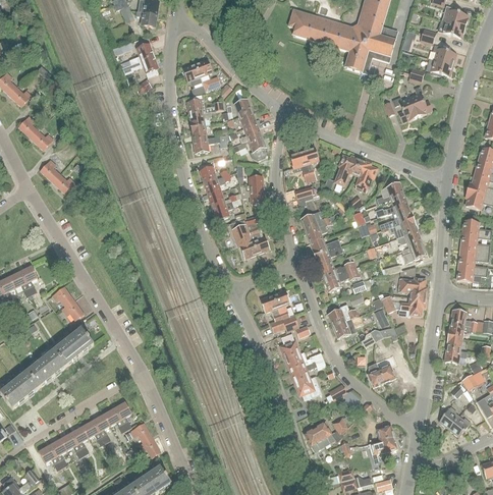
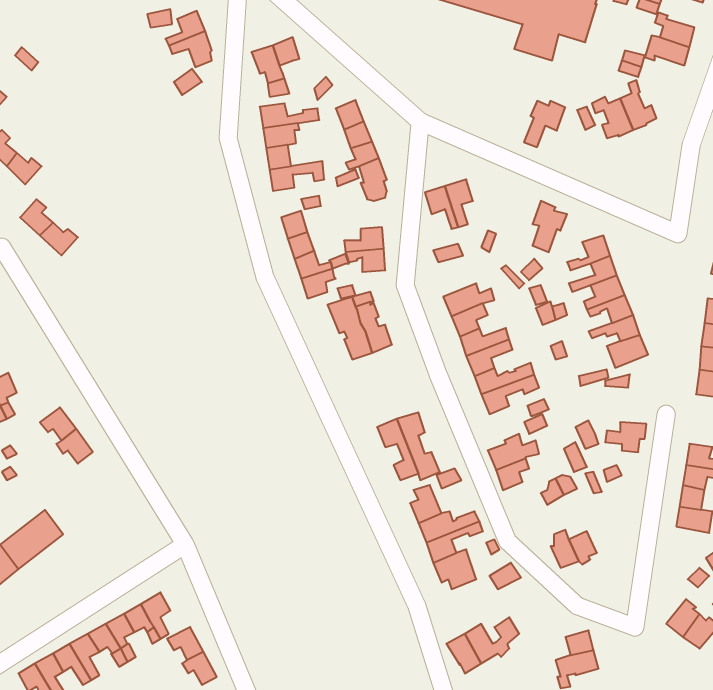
building: [335,156,361,184] -> [524,101,565,147]
building: [398,278,427,297] -> none
building: [55,329,94,366] -> none

